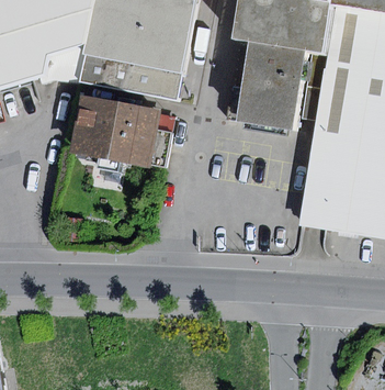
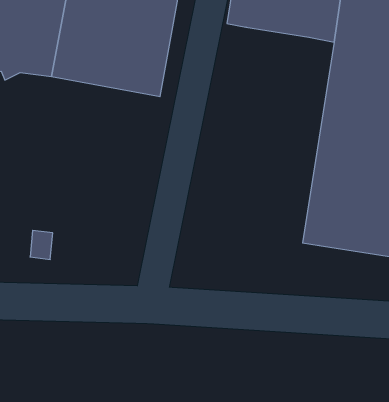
building: [226,40,304,129] -> none
building: [69,93,171,167] -> none

